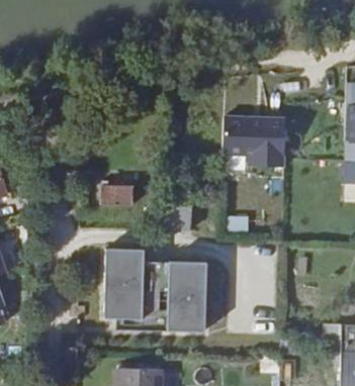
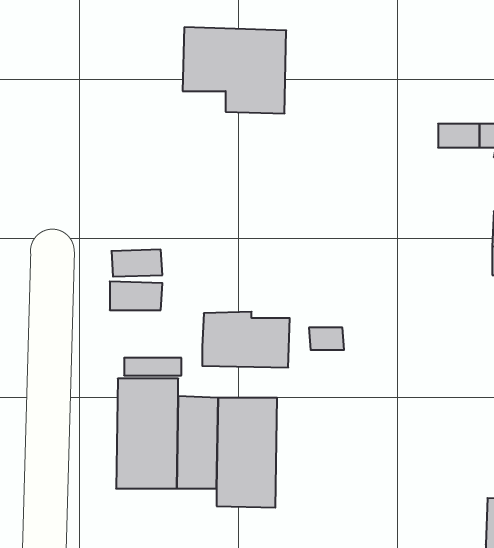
building: [223,114,288,169] -> [183,27,286,113]

